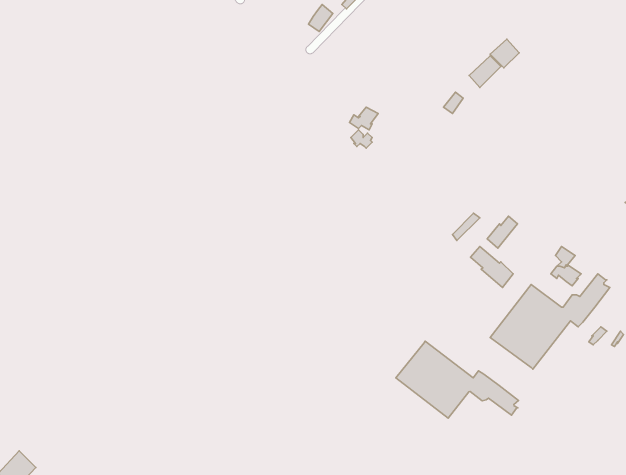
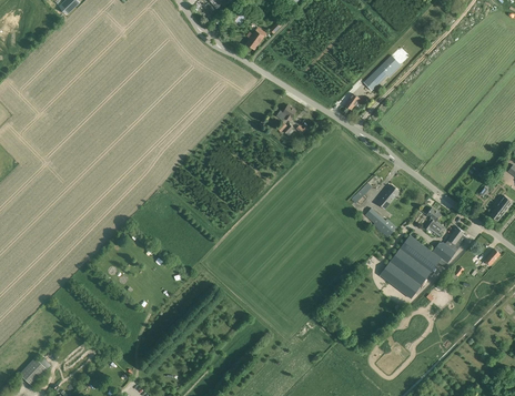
building: [396,341,518,418] -> none

